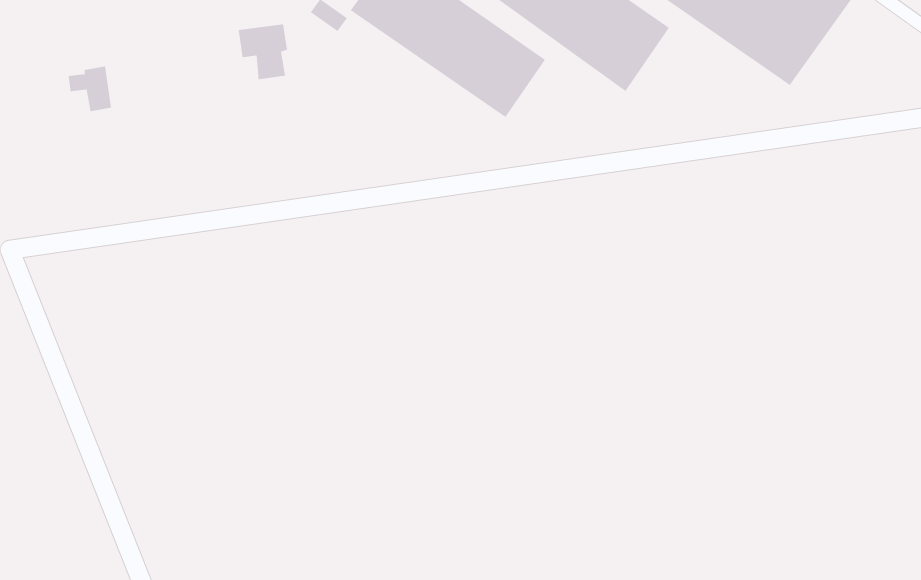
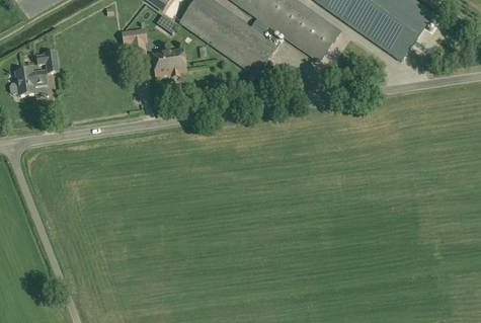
building: none -> [152,49,185,75]
building: none -> [10,69,47,95]

